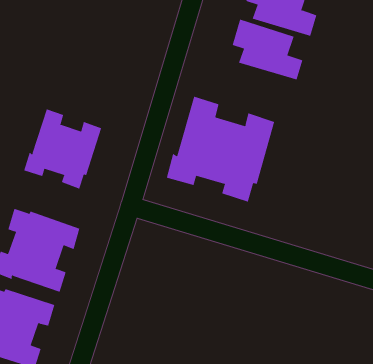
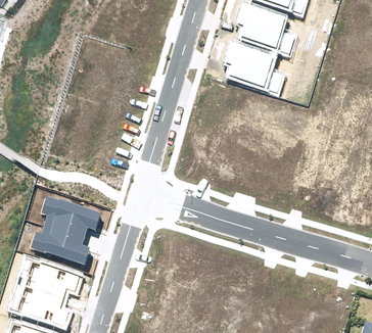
building: [166,96,275,203] -> none
building: [24,108,102,189] -> none

